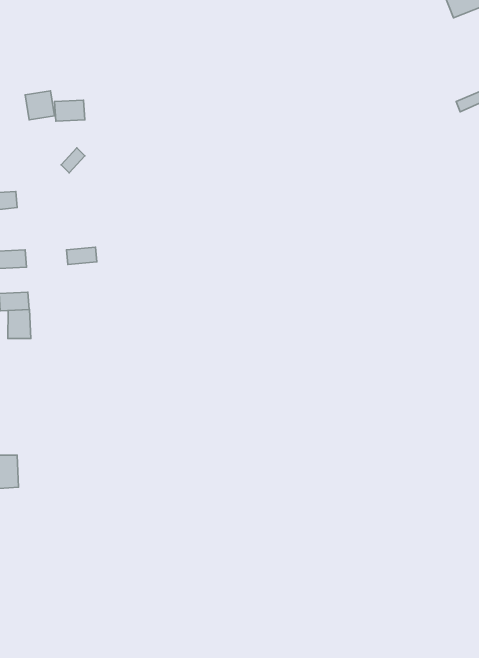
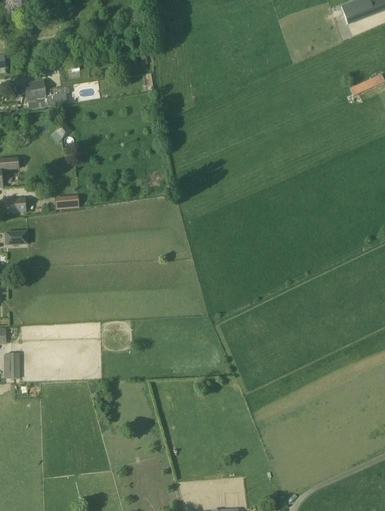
building: [8,309,31,339] -> none

